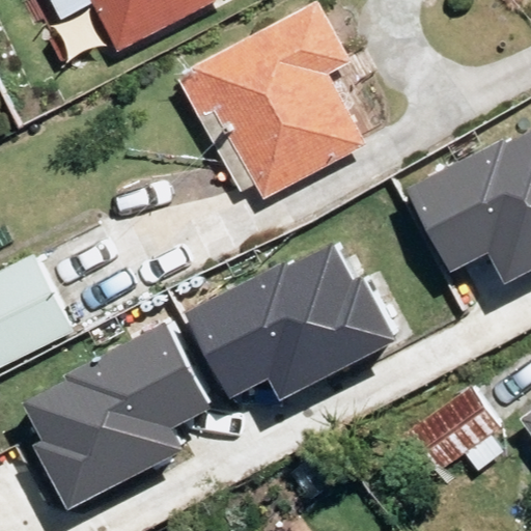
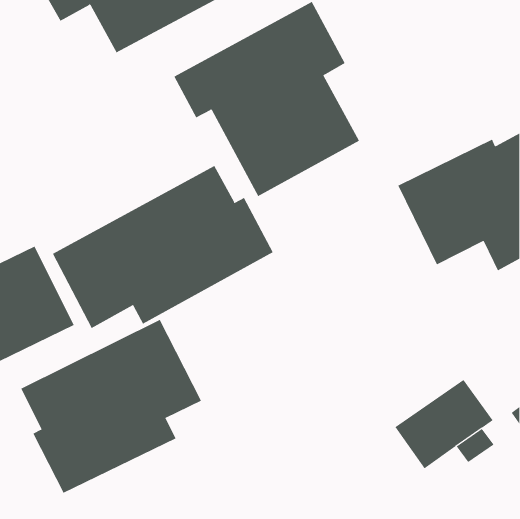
building: none -> [52,165,273,329]
building: [186,247,393,397] -> none

